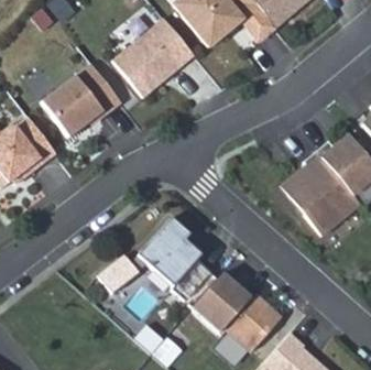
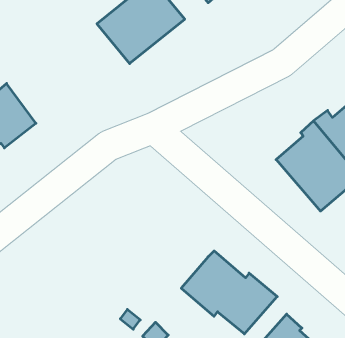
building: [41,63,121,137] -> none
building: [98,217,217,308] -> none

